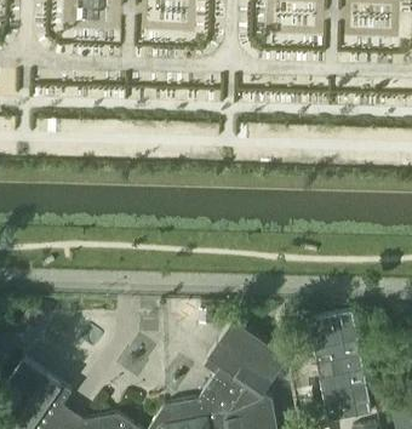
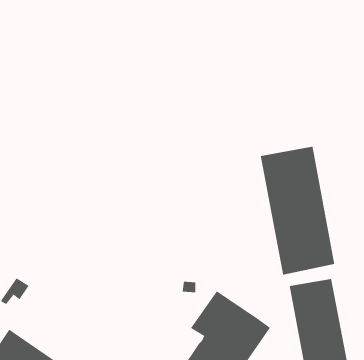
building: none -> [260,146,335,276]

